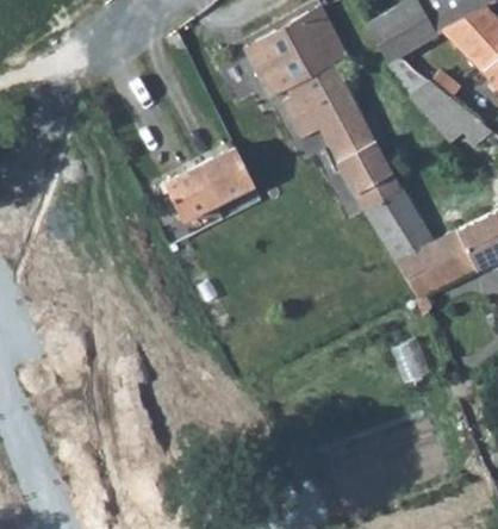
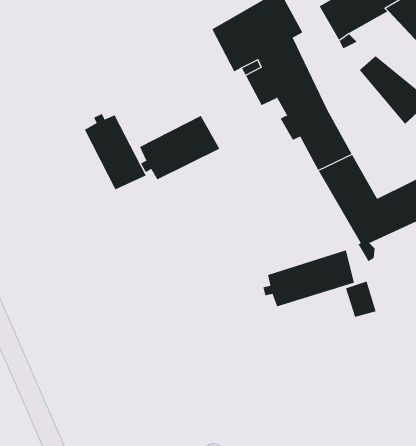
building: none -> [84,113,147,190]
building: none -> [263,250,355,307]

